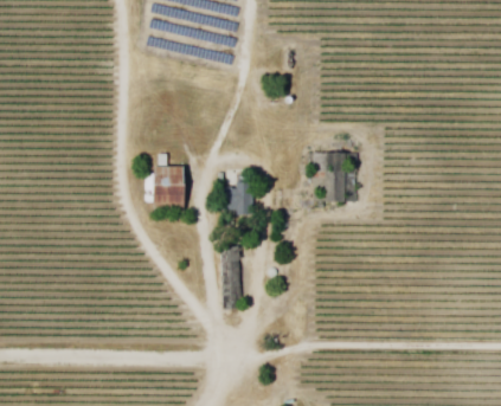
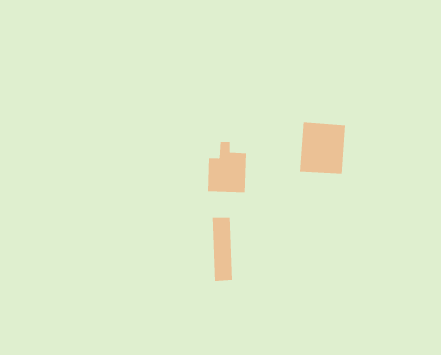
building: [154,163,185,210] -> none

